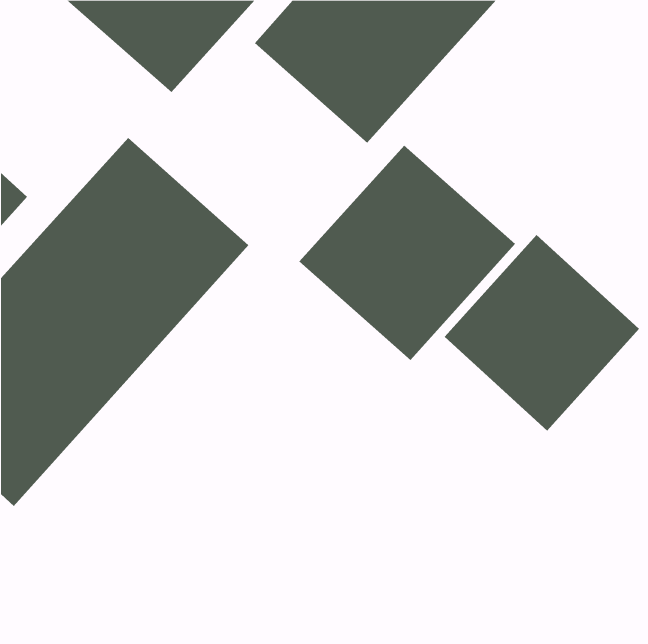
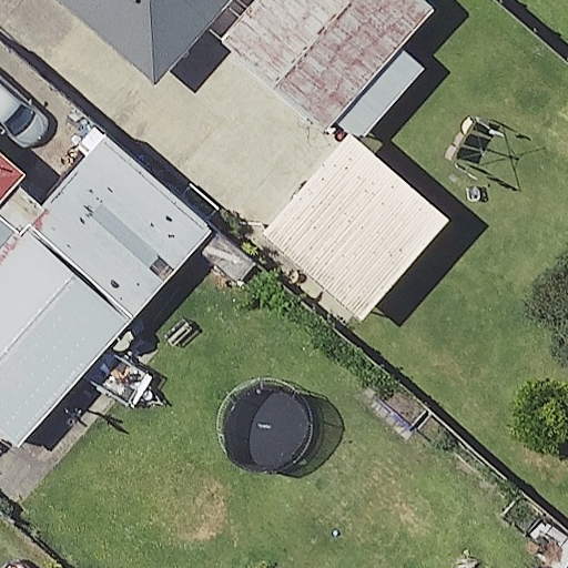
building: [444,234,640,432] -> none

